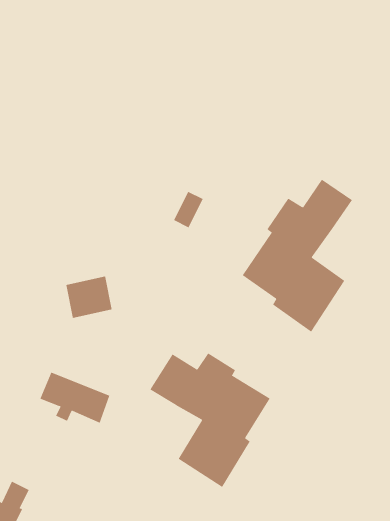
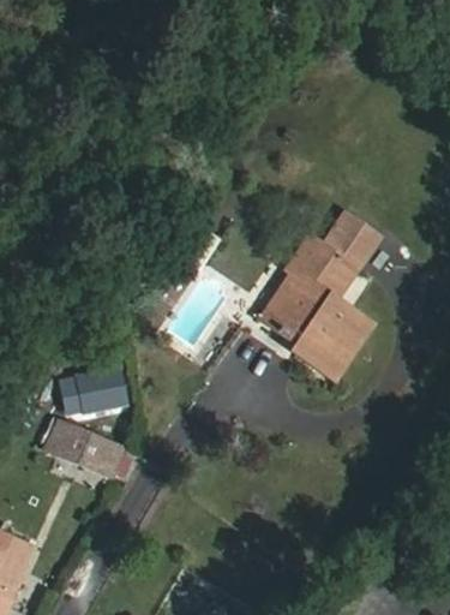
building: [65,276,113,319] -> [73,368,124,413]
building: [150,353,270,488] -> none

